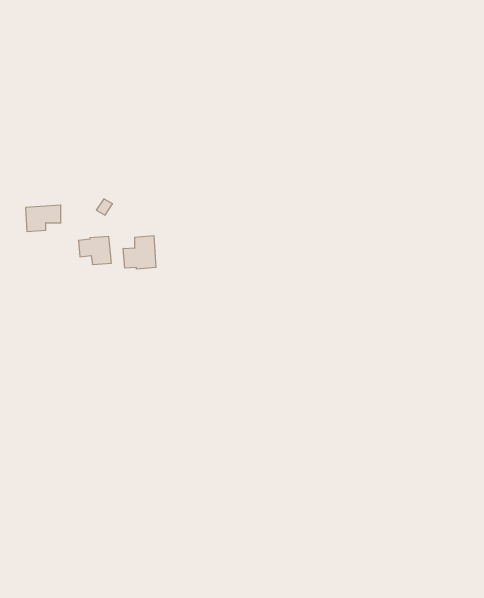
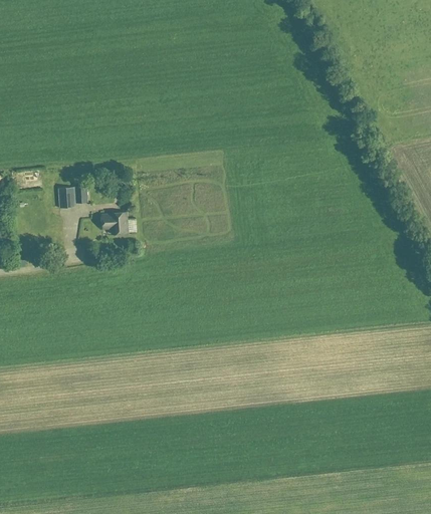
building: [123,236,156,269] -> none

